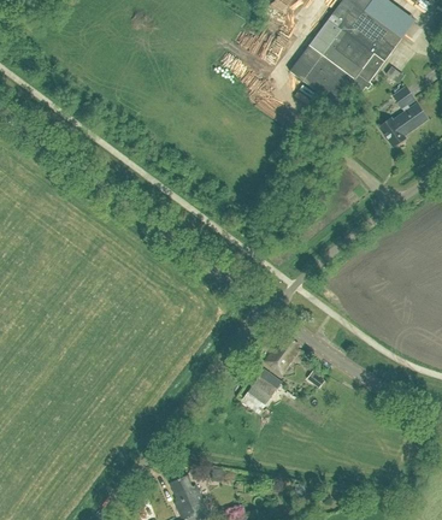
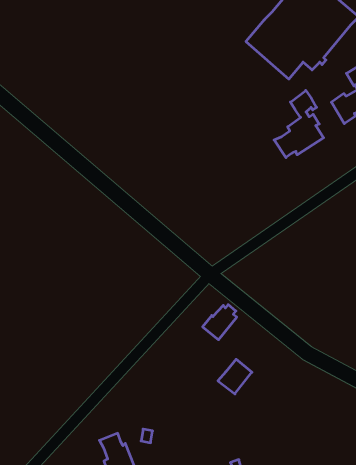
building: none -> [274,90,324,158]
building: [247,368,281,403] -> [218,359,252,394]

